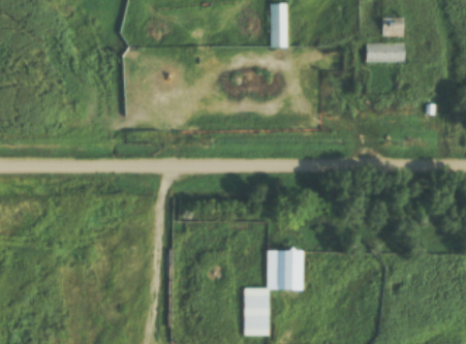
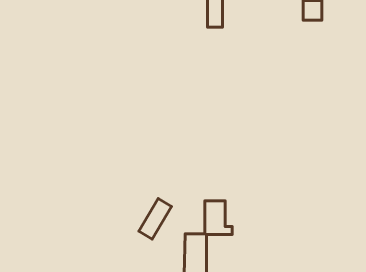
building: [366,42,405,63] -> none
building: none -> [139,199,172,239]

